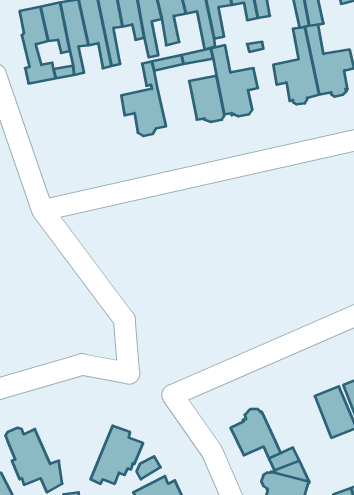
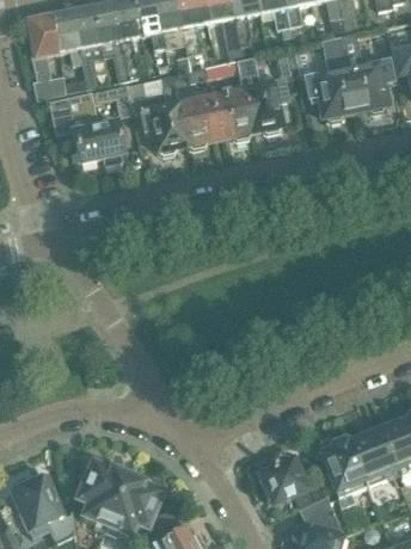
building: none -> [49,82,135,164]
building: none -> [178,95,217,147]
building: none -> [320,436,368,505]
building: none -> [81,461,129,529]

